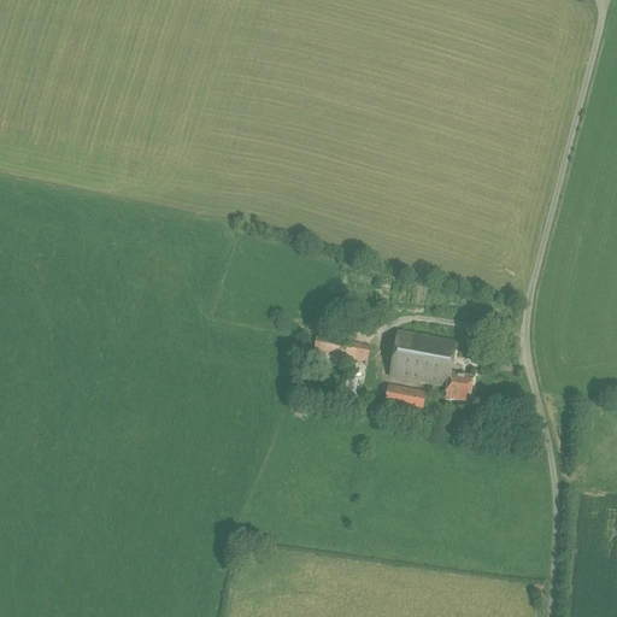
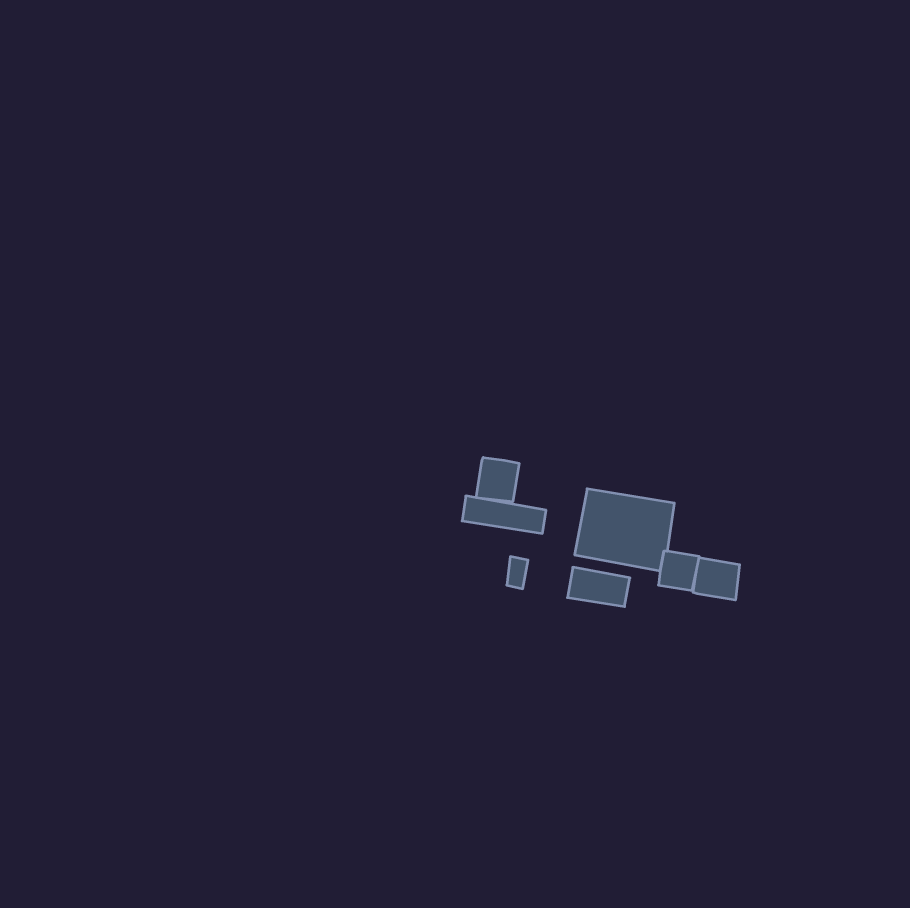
building: none -> [476,457,519,502]
building: none -> [693,558,740,600]

